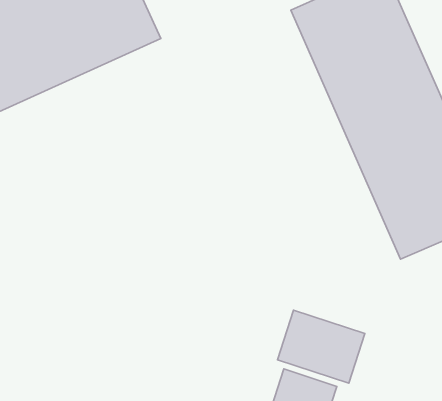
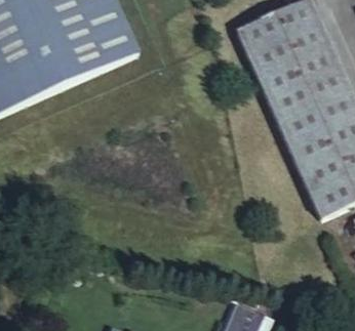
building: [278,310,365,383] -> none

